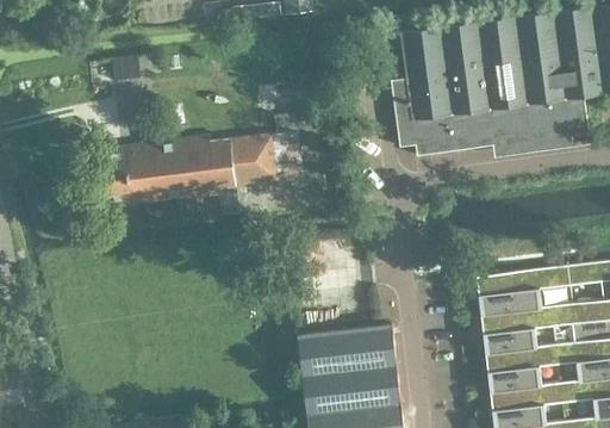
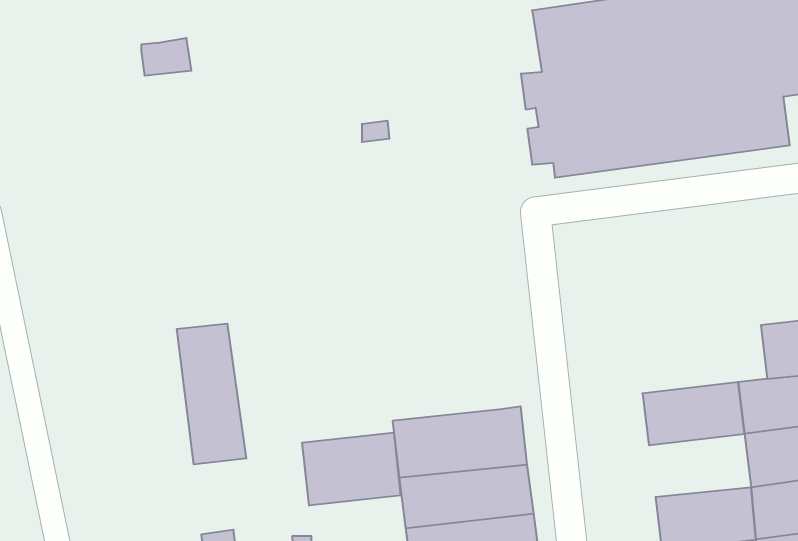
building: [95,131,304,204] -> none
building: none -> [177,324,246,464]
building: [475,265,572,315] -> none
building: none -> [302,432,401,506]
building: [485,345,560,391] -> none

